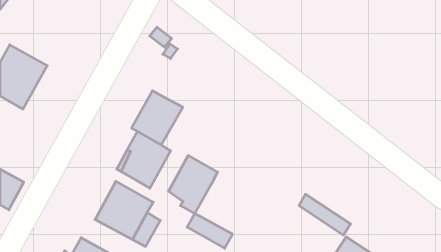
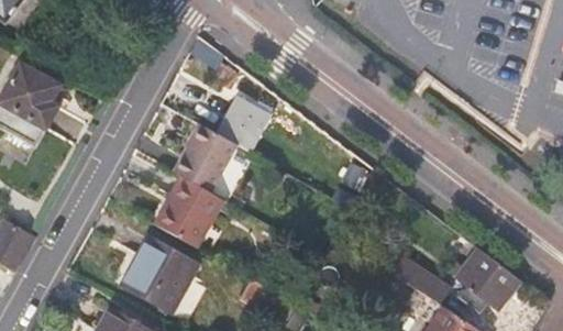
building: none -> [217,96,268,150]
building: [169,156,218,213] -> none
building: none -> [456,249,521,316]

